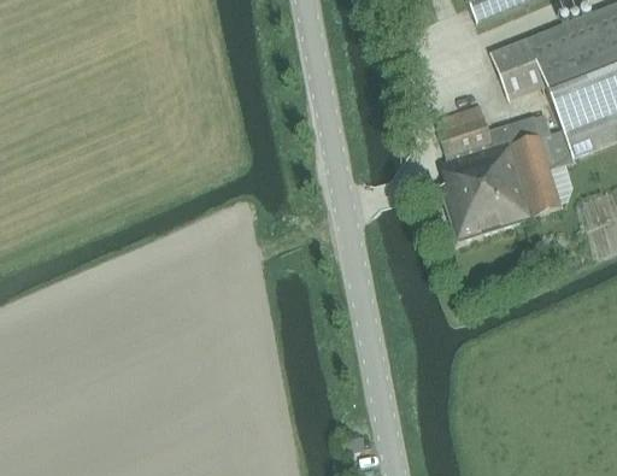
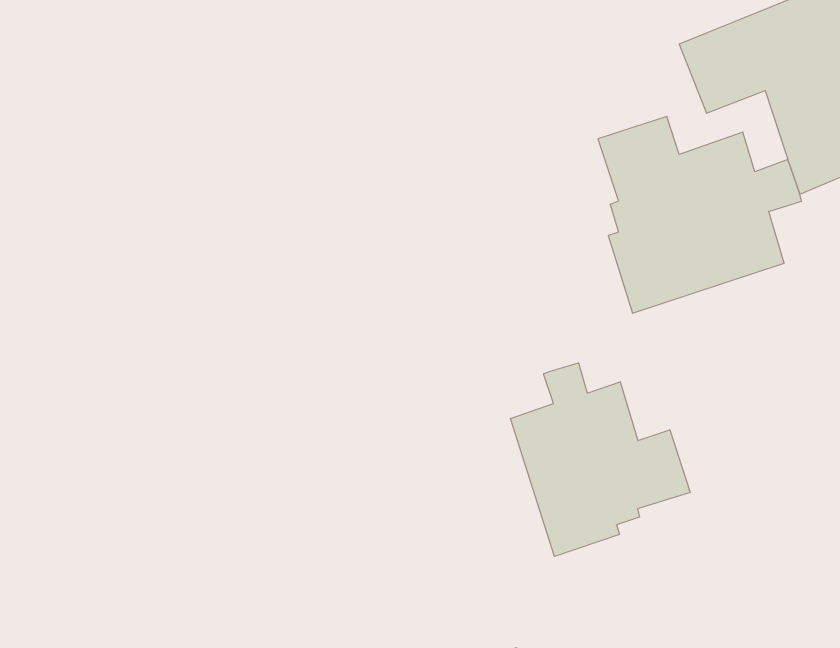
building: none -> [510,363,690,556]

